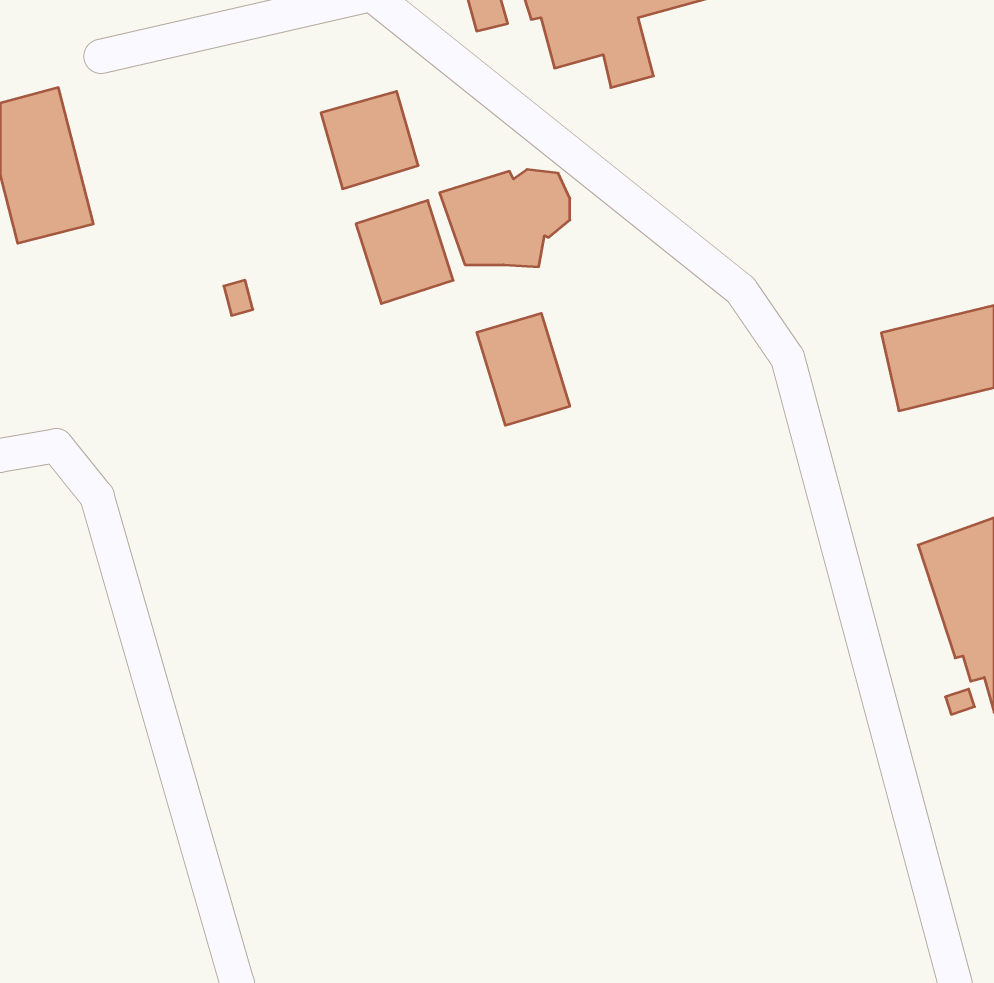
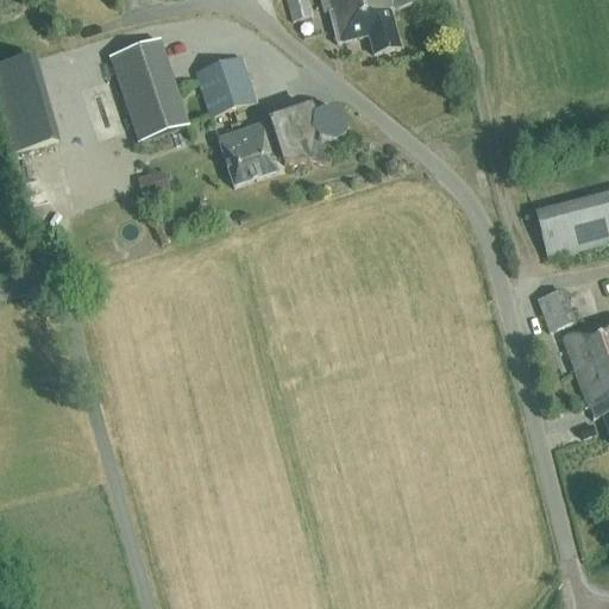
building: none -> [111,38,188,139]
building: [477,313,570,425] -> none
building: none -> [540,293,577,331]

